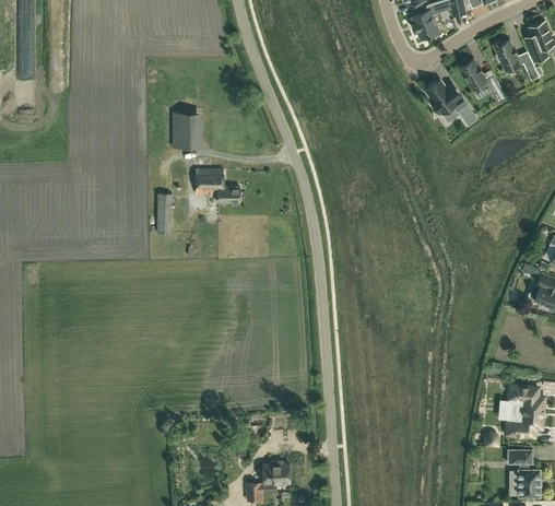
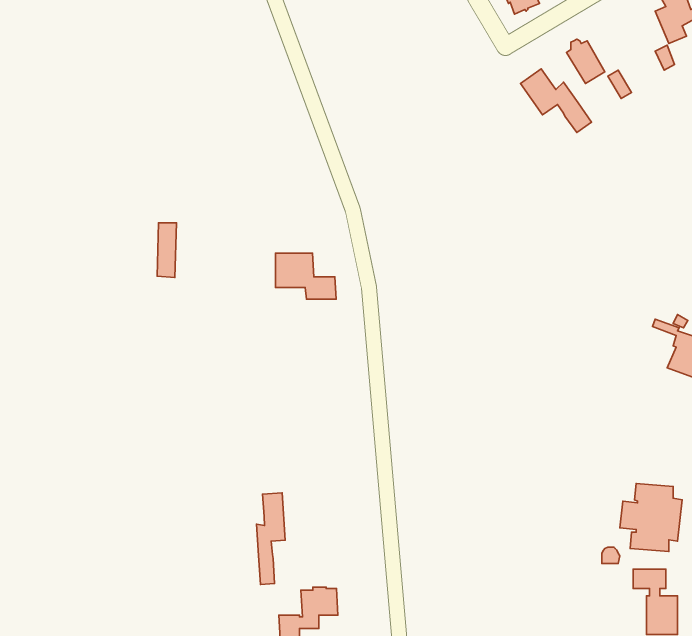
building: [493,39,521,71] -> none
building: [174,108,201,143] -> none
building: [196,168,240,202] -> [275,253,336,299]
building: none -> [256,493,285,585]

